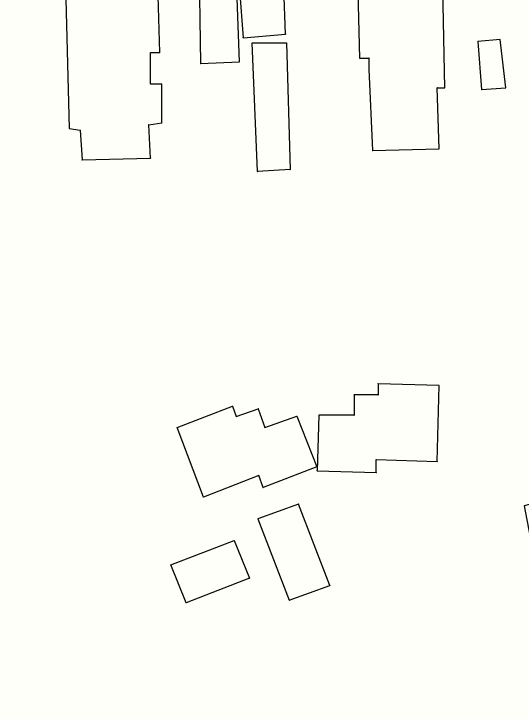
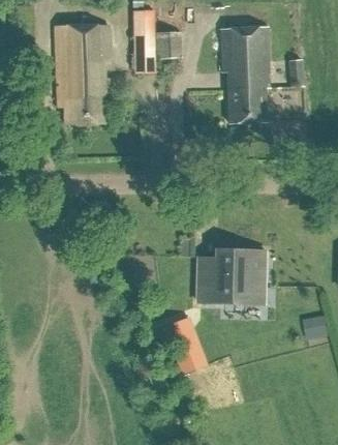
building: [252,43,290,172] -> none
building: [177,406,317,497] -> none
building: [171,541,249,603] -> none

